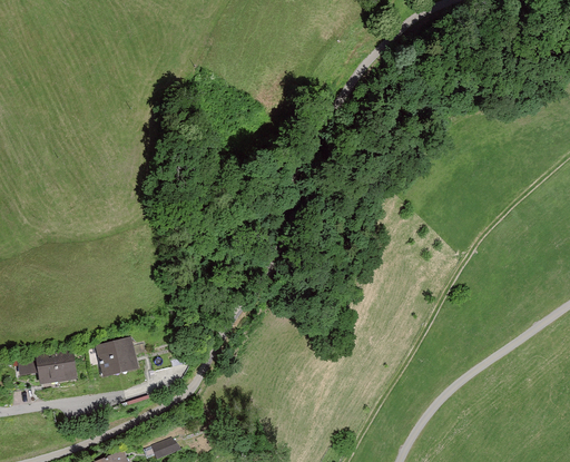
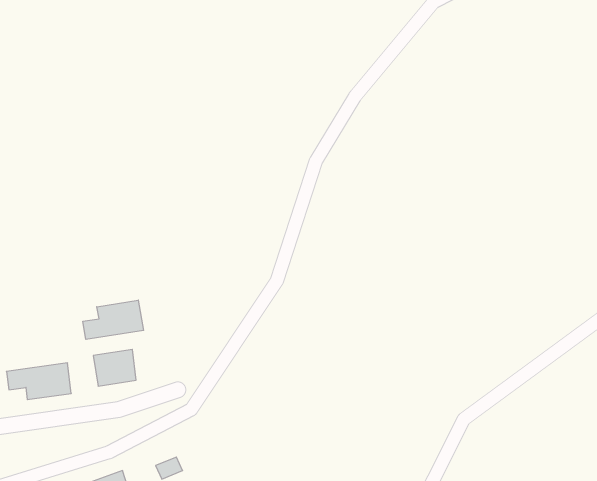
building: none -> [83,300,144,339]

